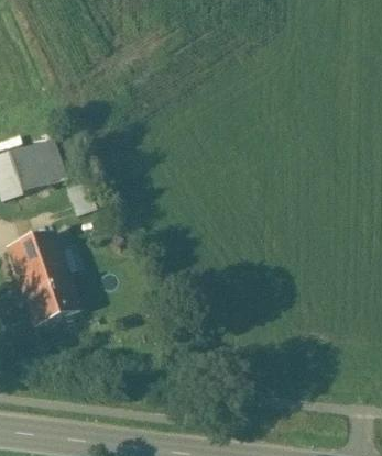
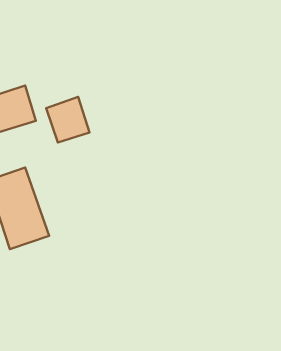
building: none -> [46,97,90,142]

